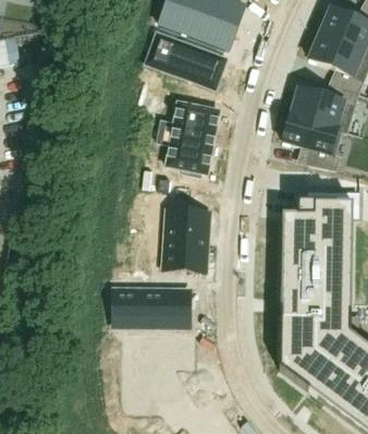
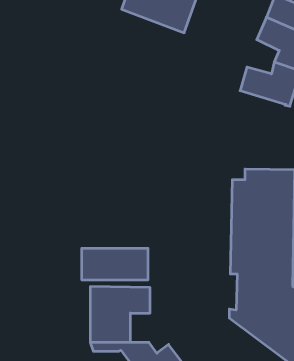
building: [146,32,226,88] -> none
building: [167,103,218,177] -> none
building: [283,113,342,168] -> none
building: [164,212,207,270] -> none

